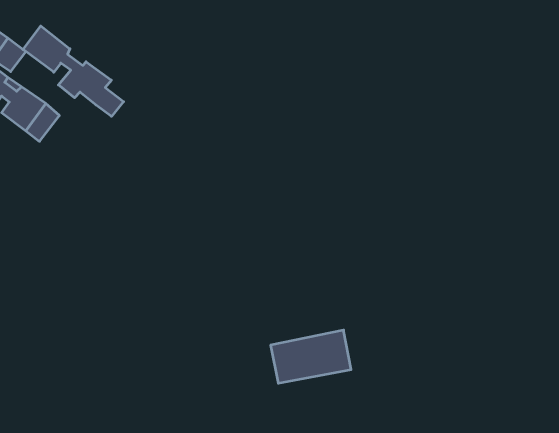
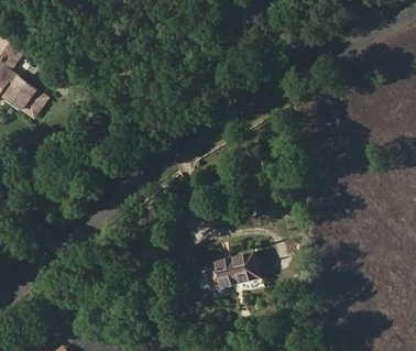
building: [23,26,124,116] -> none

